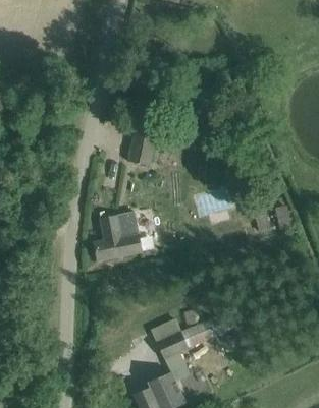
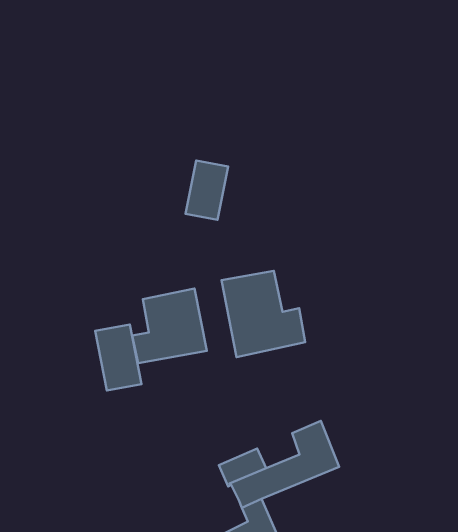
building: none -> [221,271,305,357]
building: none -> [95,324,142,391]

